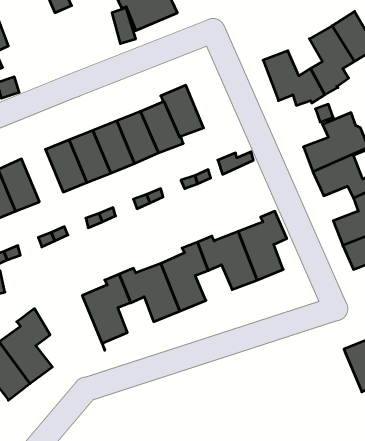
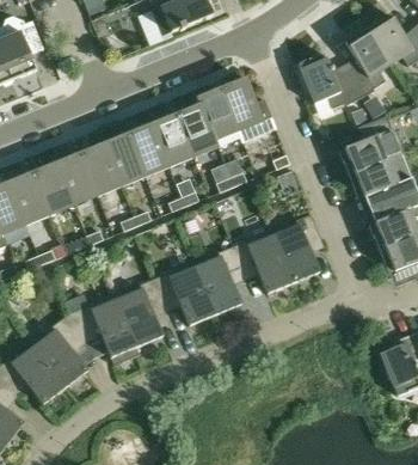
building: none -> [221,77,276,140]
building: none -> [56,151,98,203]
building: none -> [64,292,140,363]

